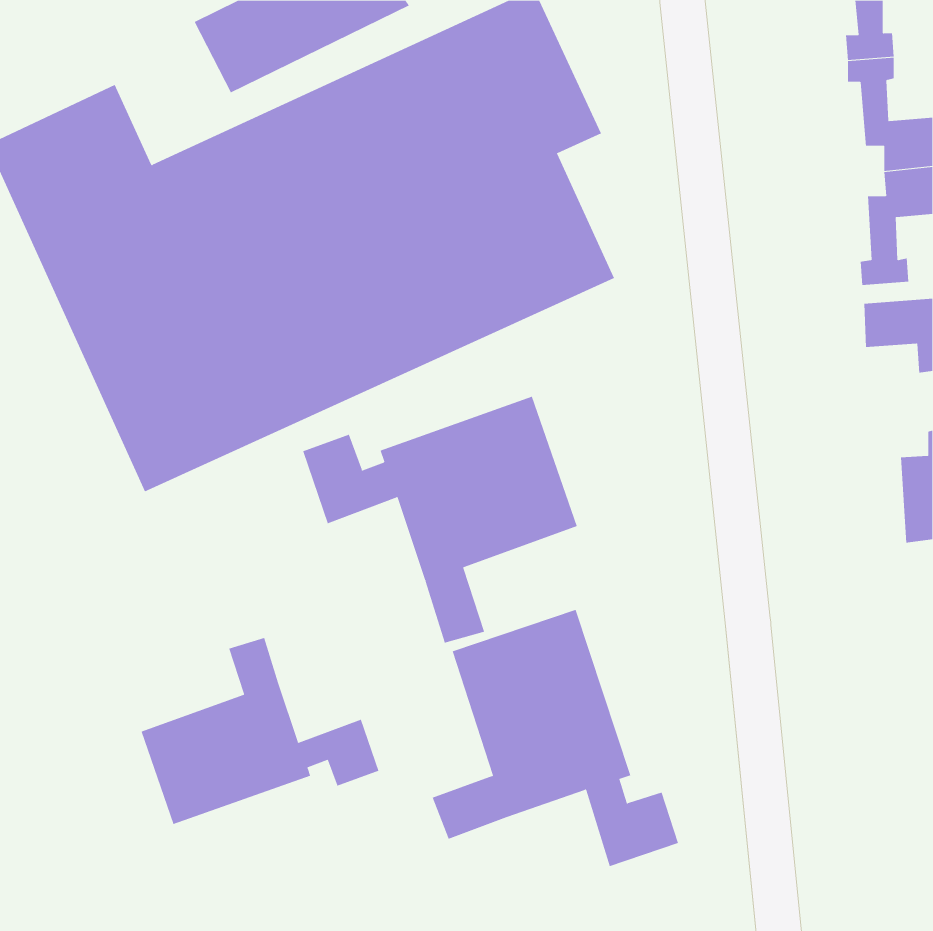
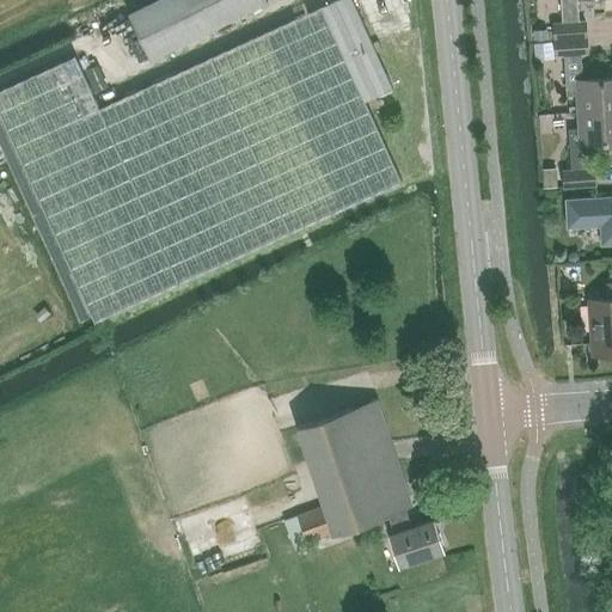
building: [303,396,577,644] -> none
building: [141,637,379,825] -> none

